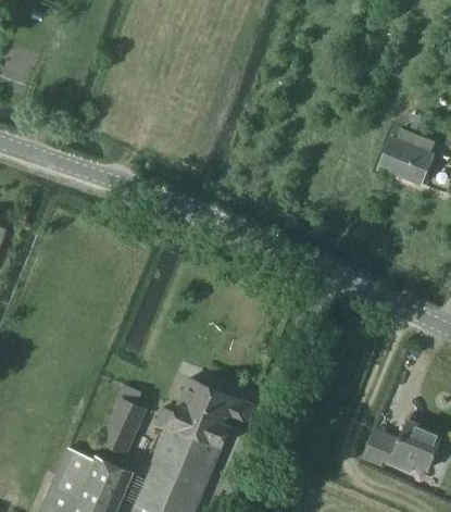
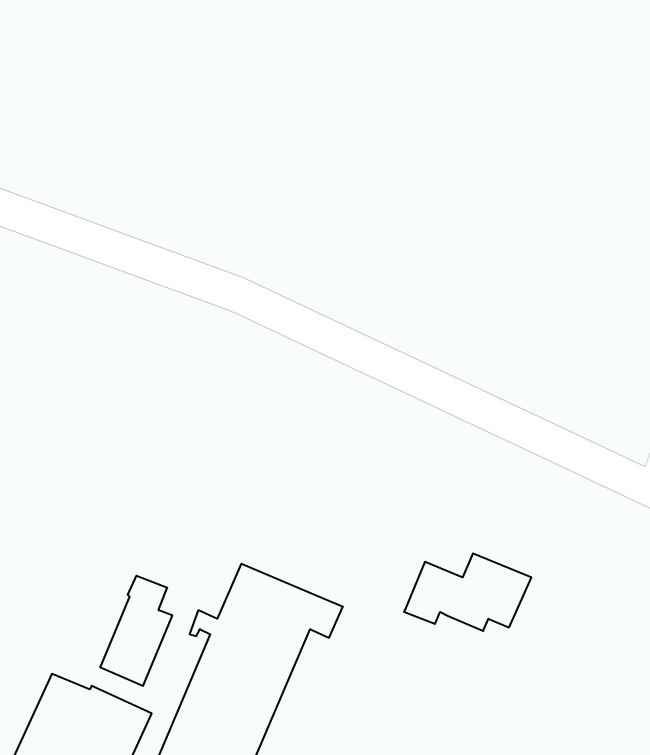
building: [377,129,435,185] -> none
building: [362,423,442,472] -> [404,553,531,631]

